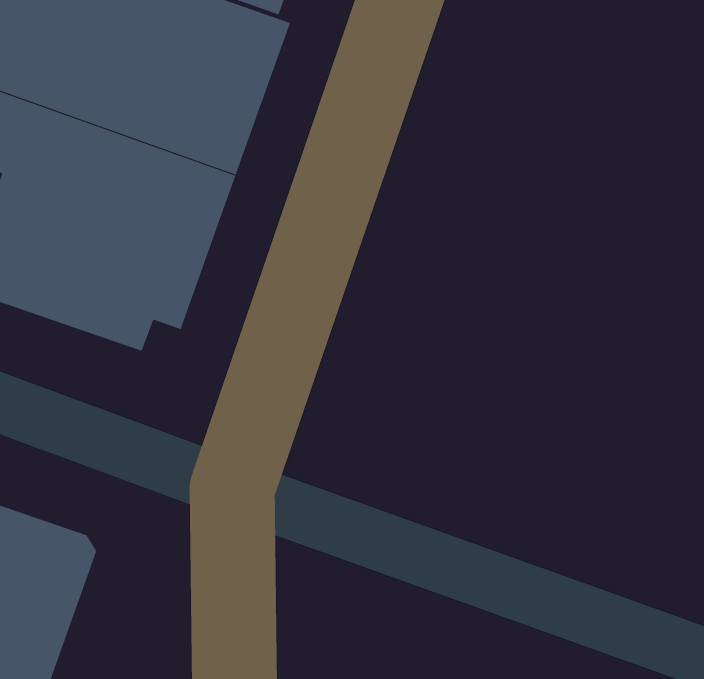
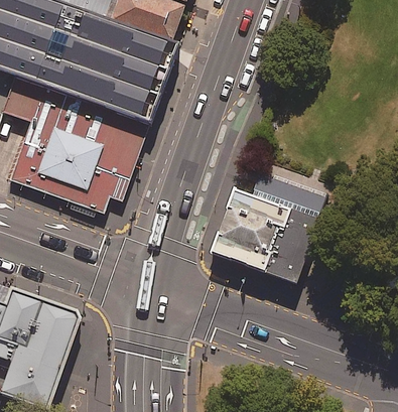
building: none -> [210,176,328,286]

